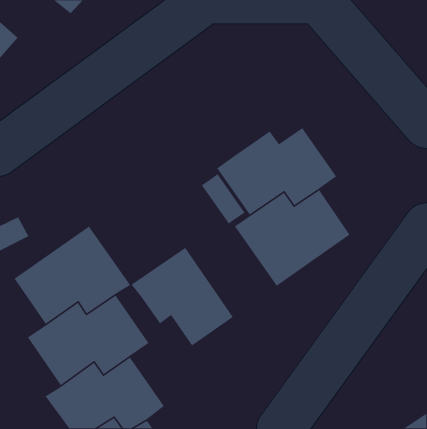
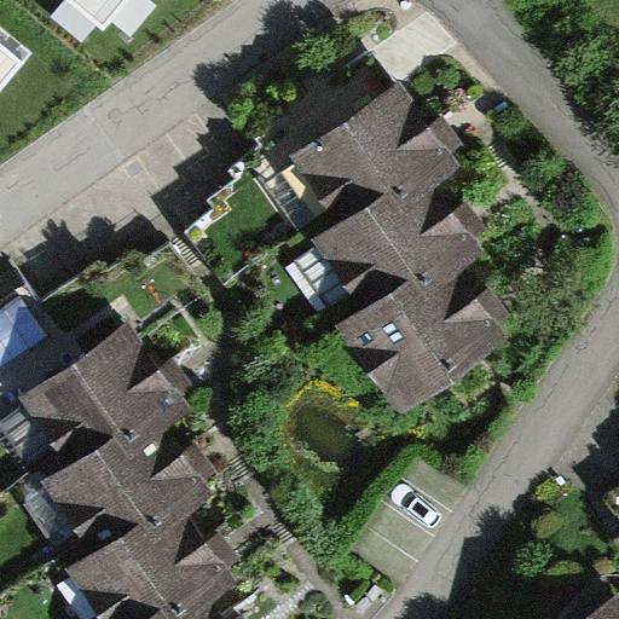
building: none -> [290,83,456,224]
building: [131,247,234,347] -> none

